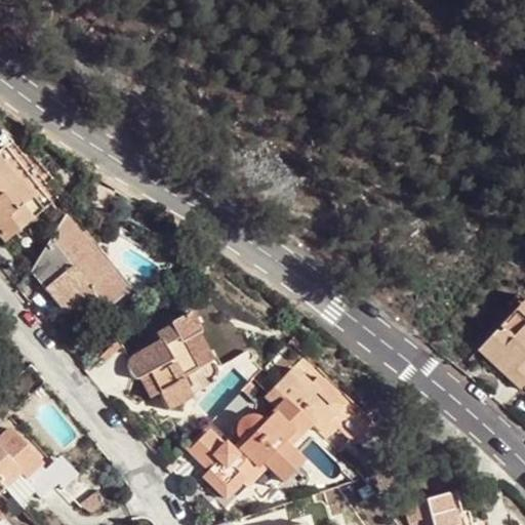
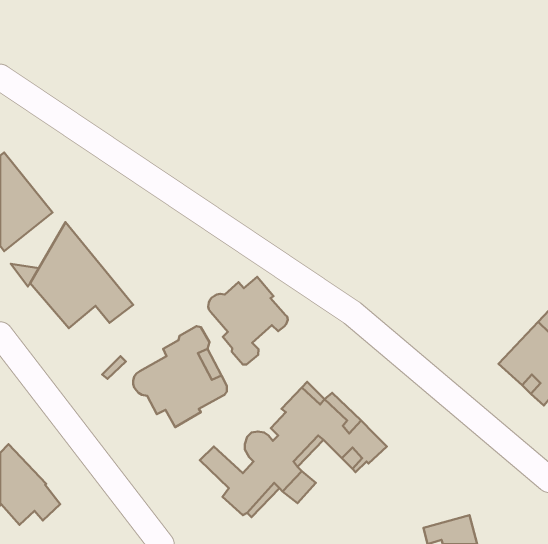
building: none -> [208,277,288,365]

